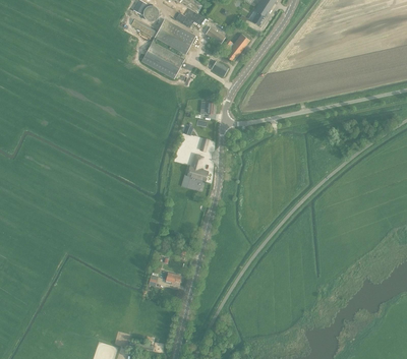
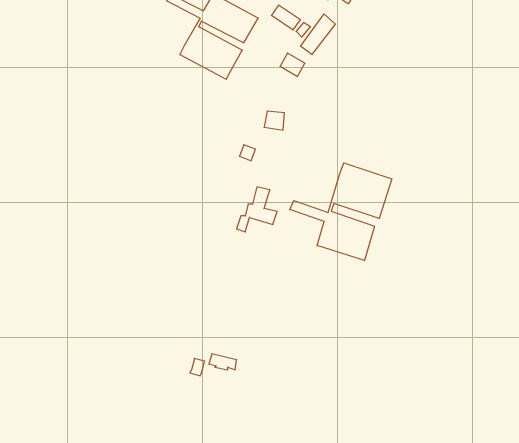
building: none -> [290,163,392,261]

